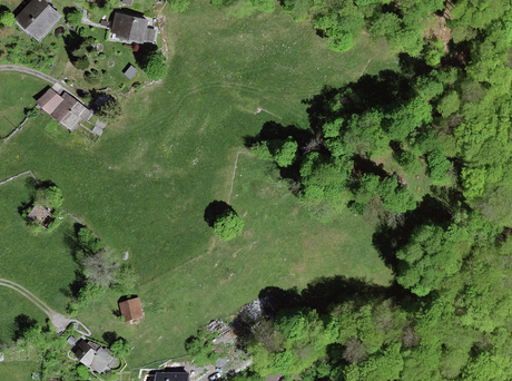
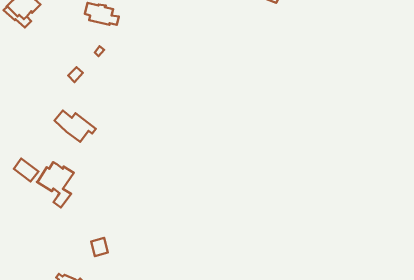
building: [39,89,89,127] -> [54,111,96,142]
building: none -> [37,162,74,208]

